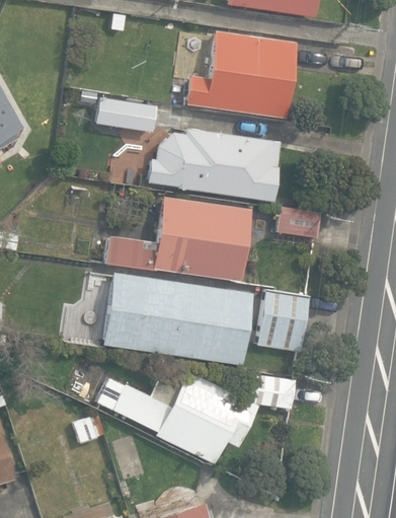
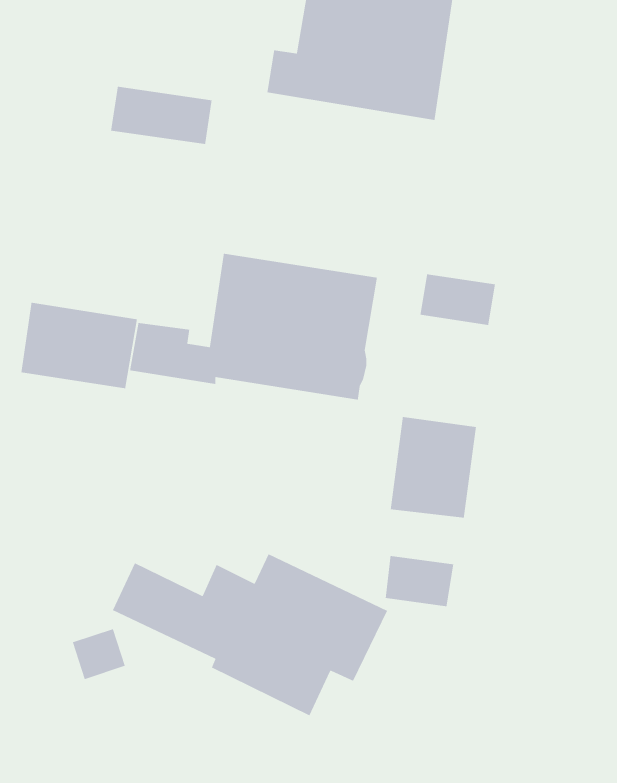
building: [148,129,281,200] -> none
building: none -> [20,302,138,389]
building: [103,272,253,364] -> none

